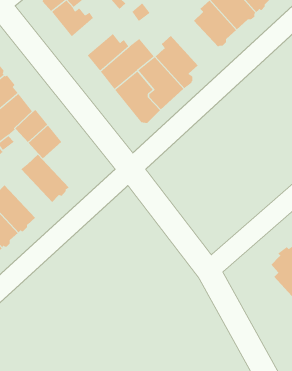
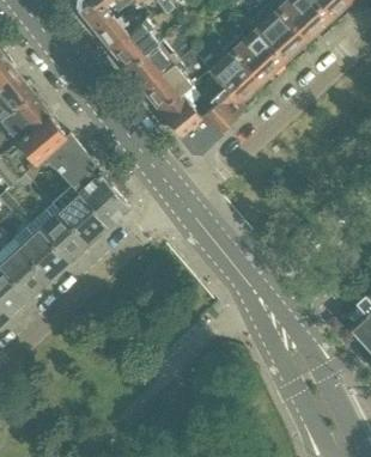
building: none -> [110,17,159,68]
building: none -> [227,28,282,80]
building: none -> [77,170,129,224]
building: none -> [31,202,87,260]

